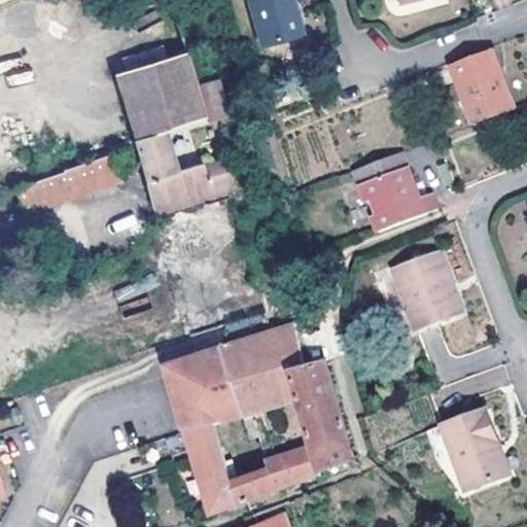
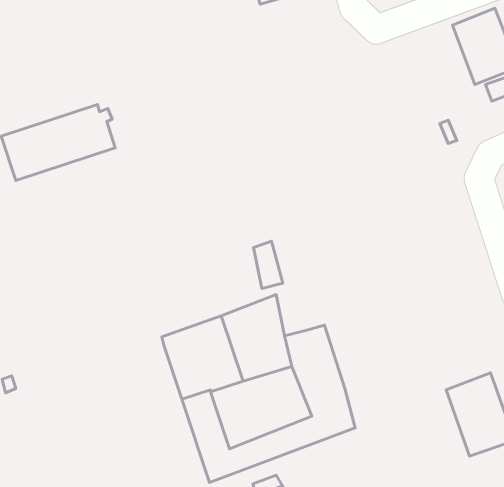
building: [116,59,235,216] -> none
building: [352,151,434,230] -> none
building: [392,251,462,328] -> none
building: [276,323,305,370] -> [253,241,283,289]

